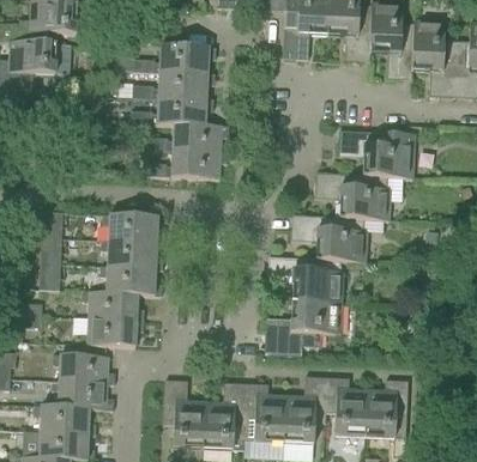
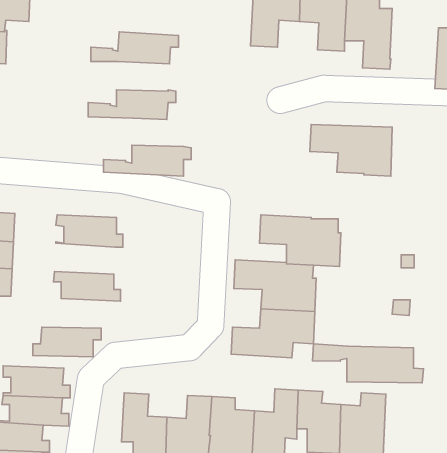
building: [411,20,457,97] -> none
building: [132,72,213,99] -> none
building: [146,124,228,151] -> none
building: [314,172,390,220] -> none
building: [99,241,162,270] -> none
building: [80,291,161,320] -> none
building: none -> [312,344,423,383]

